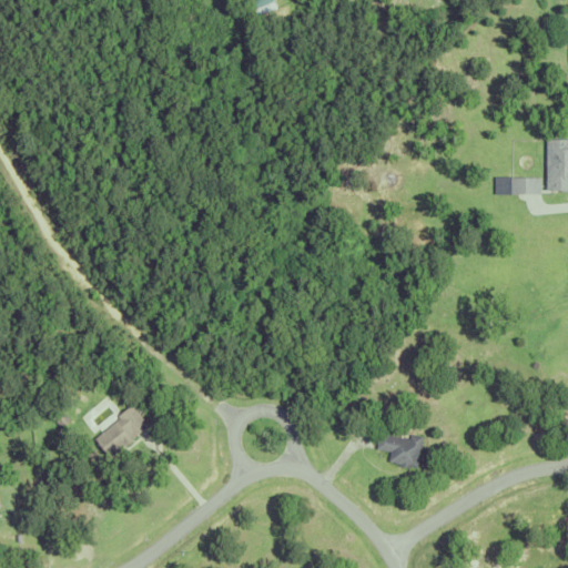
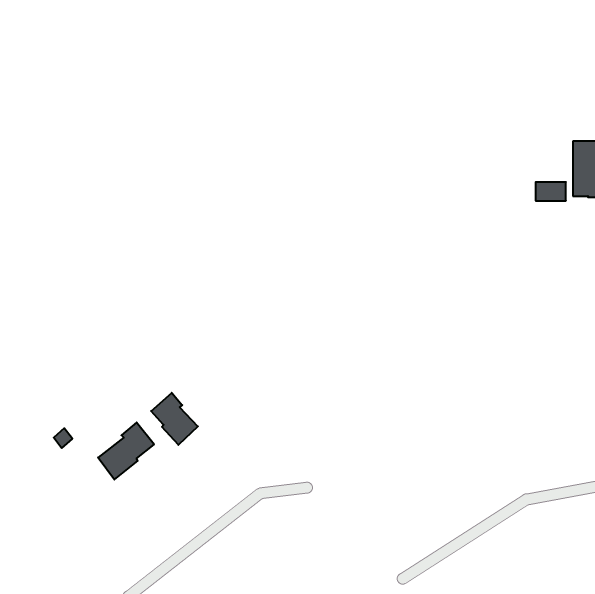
building: none -> [151,393,198,445]
building: [382,436,427,471] -> none

